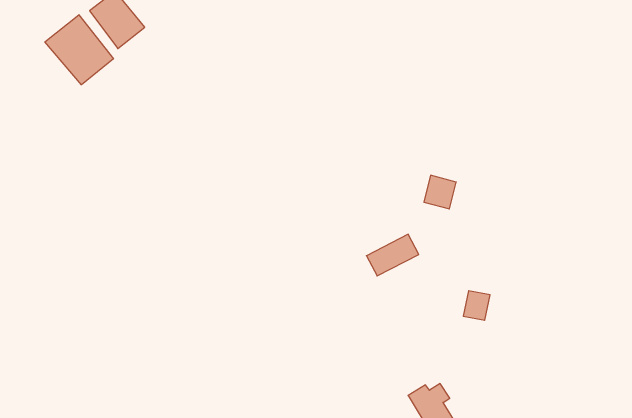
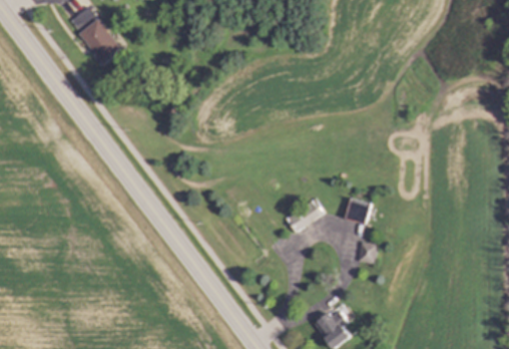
building: [45,15,113,85] -> none
building: [424,175,456,209] -> [346,198,370,223]

